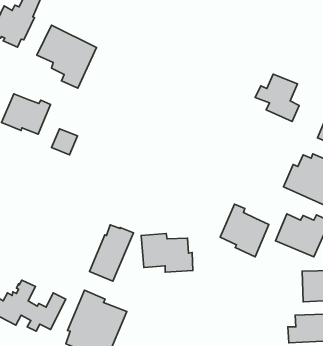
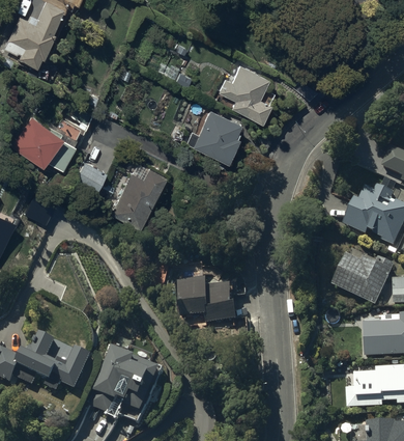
building: [37,25,97,88] -> none
building: [255,74,299,122] -> [220,66,270,121]
building: none -> [187,107,241,159]
building: [220,204,269,257] -> none
building: [90,225,133,281] -> [113,160,164,225]

